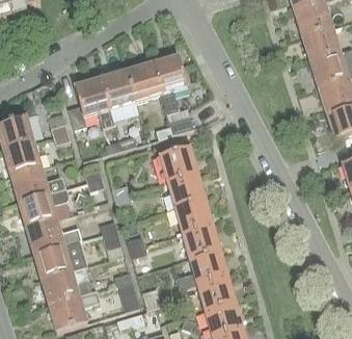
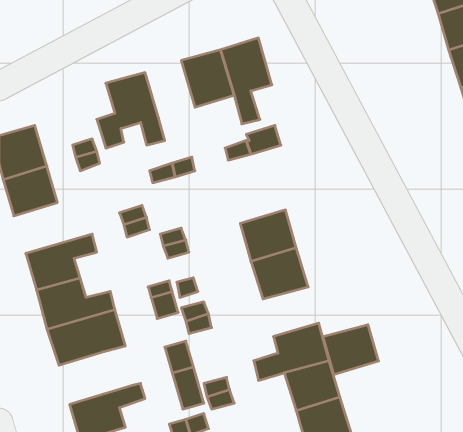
building: [101,69,135,108] -> none
building: [159,146,197,181] -> none
building: [10,166,64,202] -> none
building: [182,225,220,259] -> [323,325,379,375]
building: [42,269,93,306] -> none

